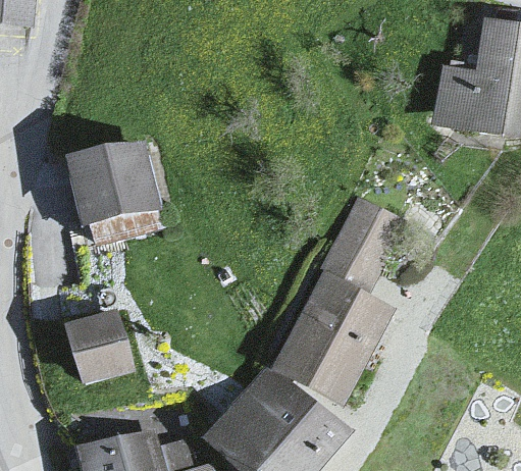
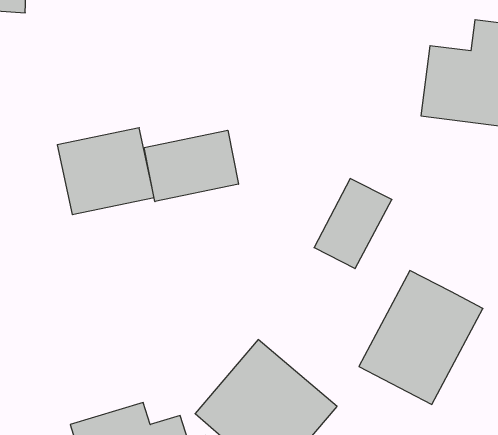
building: none -> [144,130,238,202]
building: [272,268,399,405] -> [359,271,483,404]
building: [65,307,136,386] -> none

